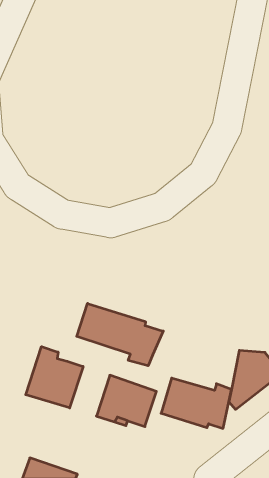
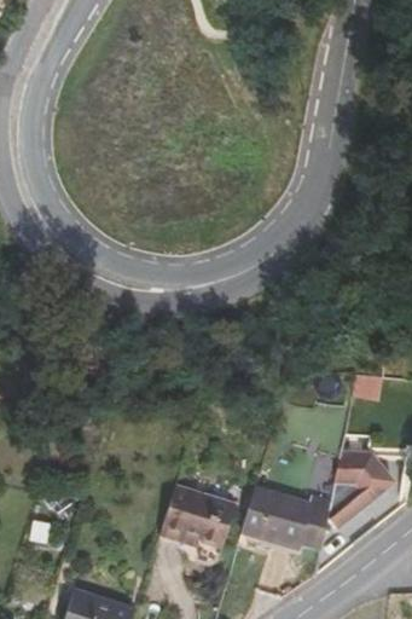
building: [77,303,163,366] -> none
building: [26,347,83,408] -> none

